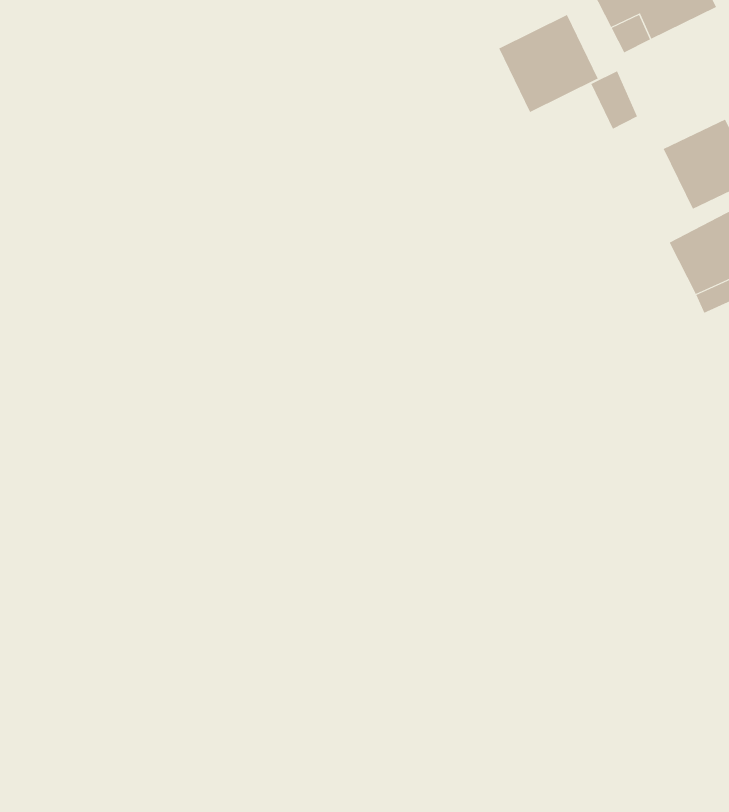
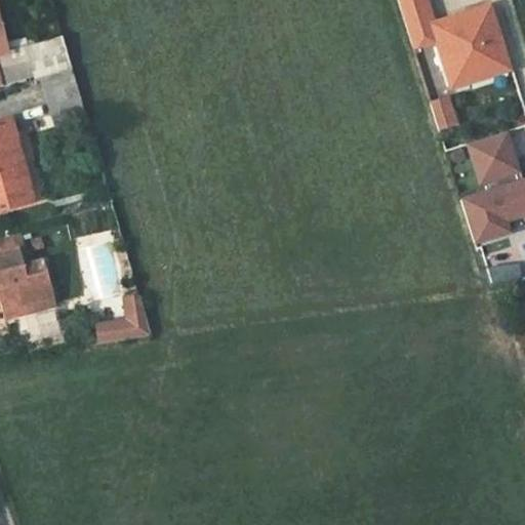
building: [498,14,599,113] -> none
building: none -> [97,293,153,344]

